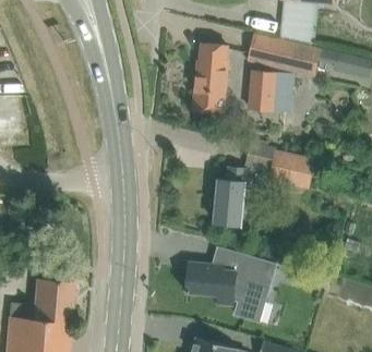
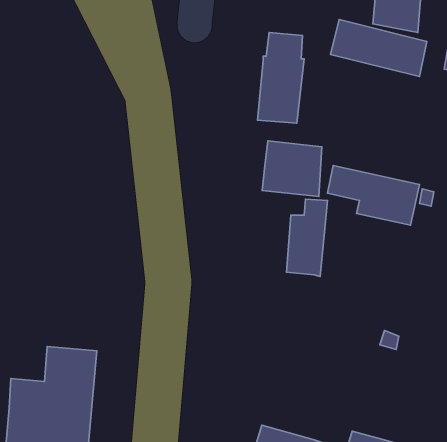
building: [247,70,291,111] -> [262,141,322,196]
building: [185,245,277,321] -> none

